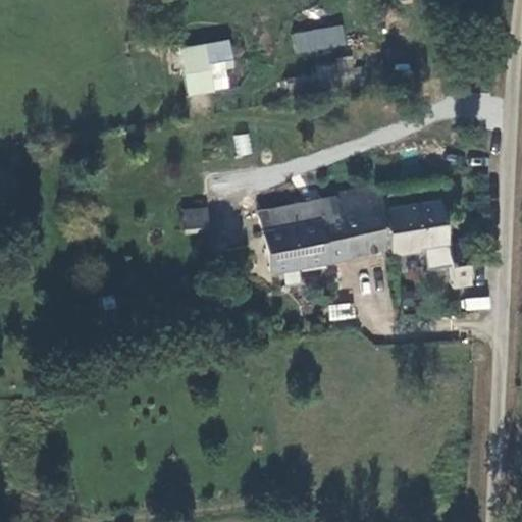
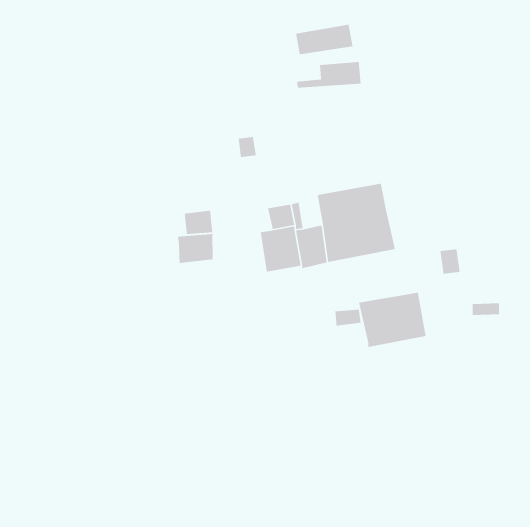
building: [181,44,234,98] -> none
building: [380,199,448,254] -> [358,292,427,348]
building: none -> [177,233,214,264]

